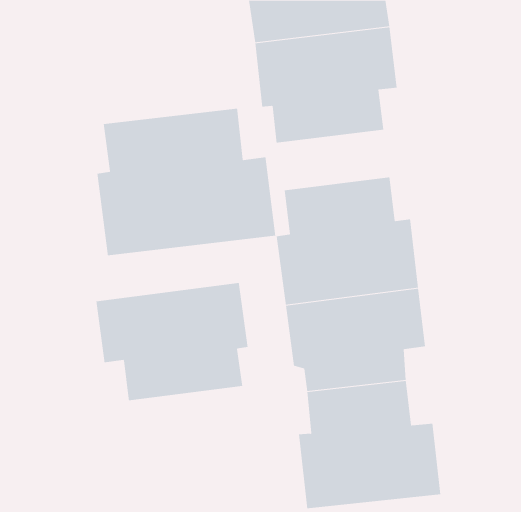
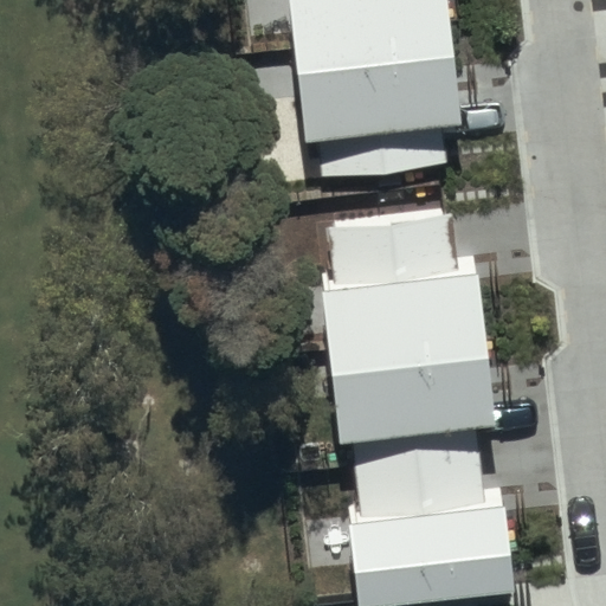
building: [97,108,276,256] -> none
building: [96,282,248,401] -> none

